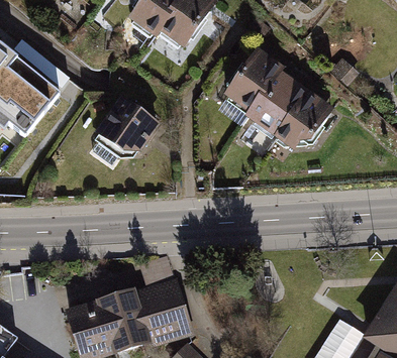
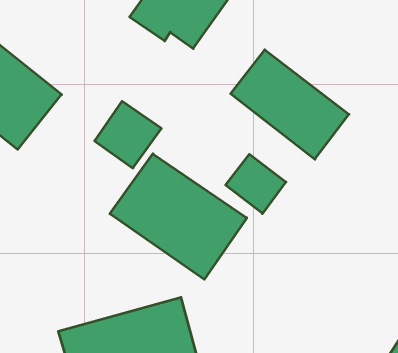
building: none -> [110,154,247,279]
building: none -> [226,154,286,214]

